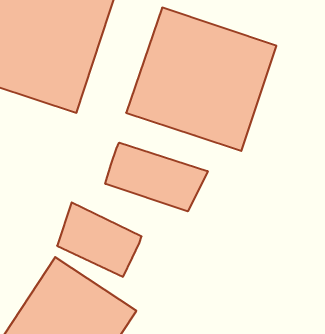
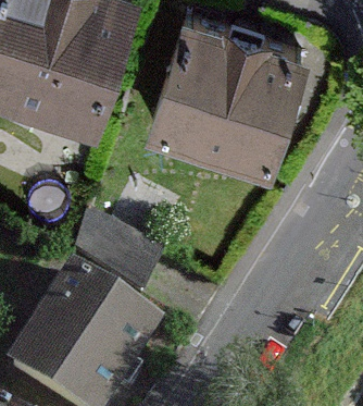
building: [105,143,208,211] -> none

